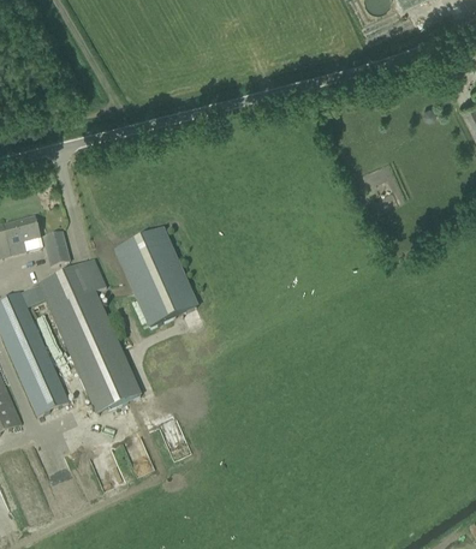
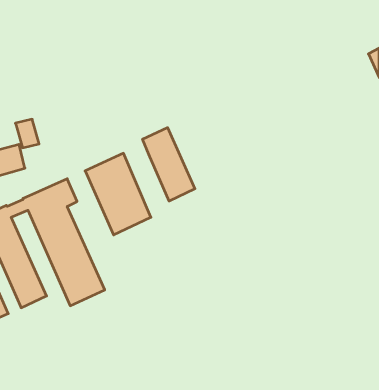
building: none -> [143,128,195,201]
building: [42,229,71,264] -> [15,119,39,148]

